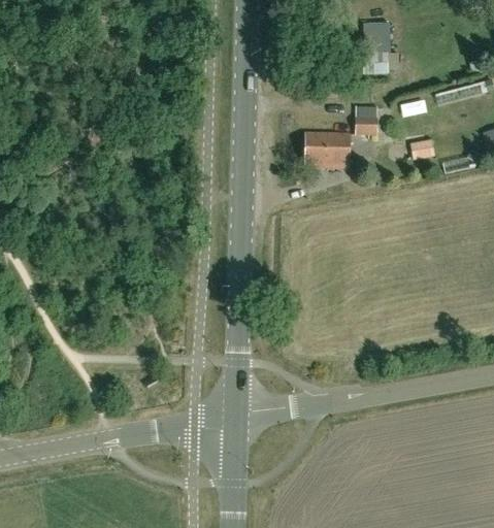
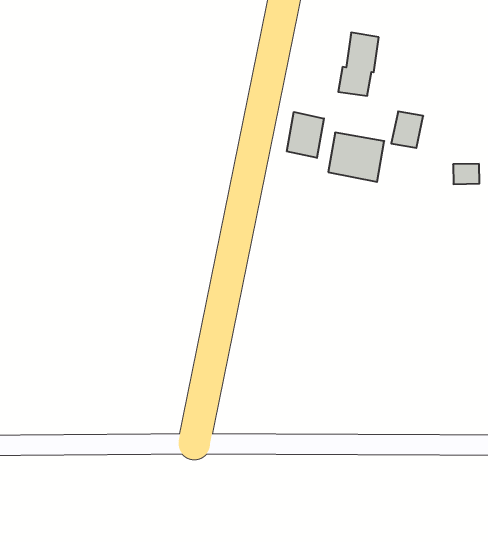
building: [362,23,389,74] -> [338,33,379,96]
building: none -> [287,112,324,158]

